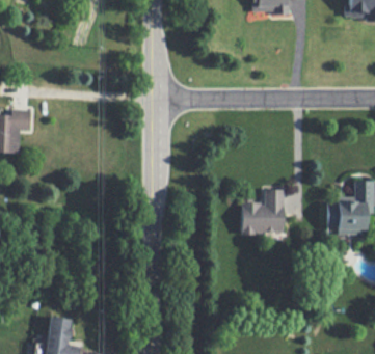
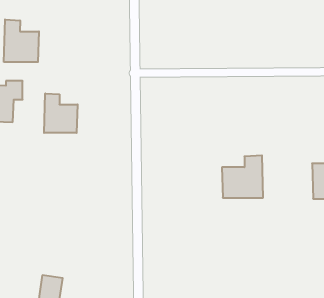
building: none -> [4,19,39,62]
building: none -> [44,93,78,133]

